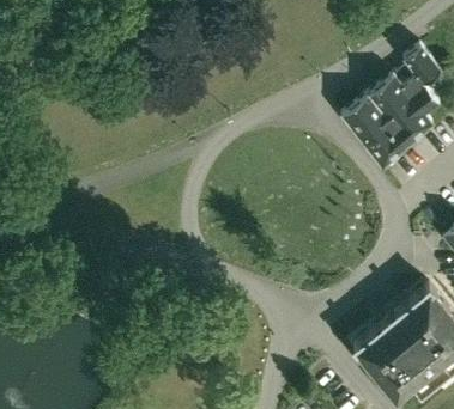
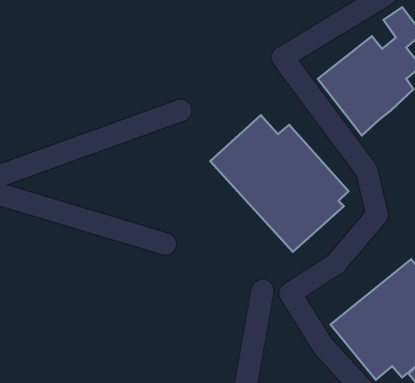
building: none -> [210,115,348,252]

